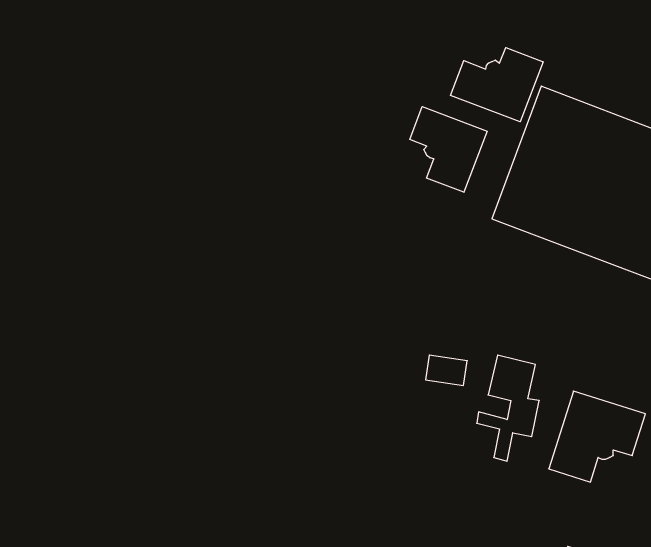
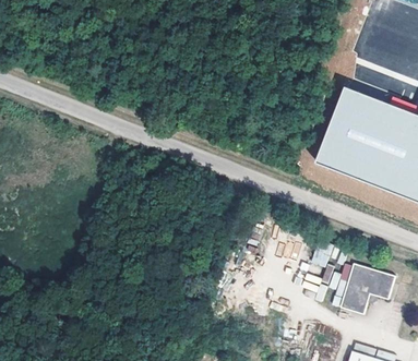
building: [451,48,543,122] -> none
building: [410,107,487,192] -> none

